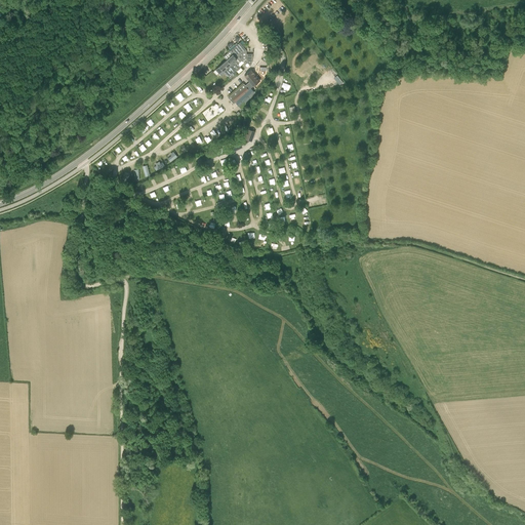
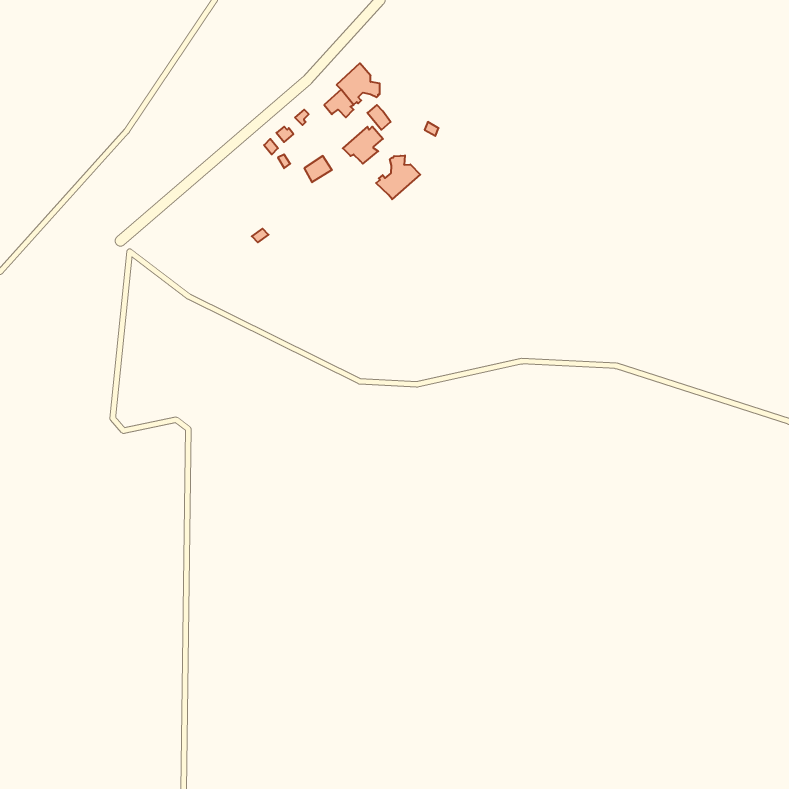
building: none -> [376,155,420,199]

